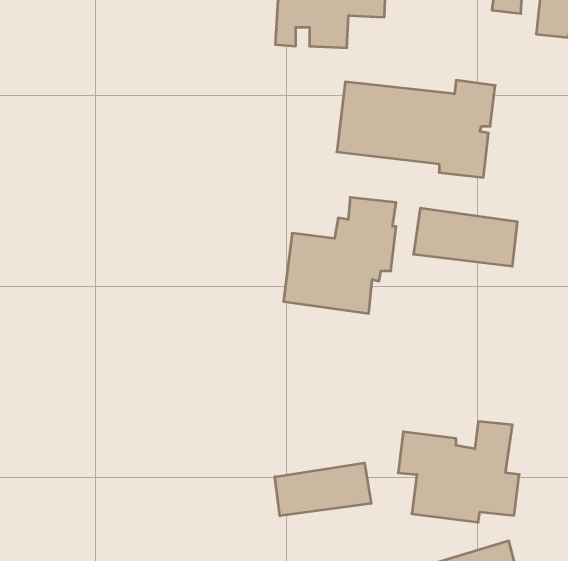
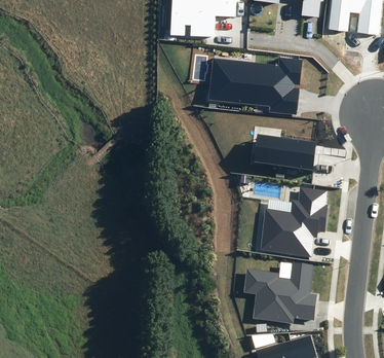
building: [284,197,396,313] -> [259,187,327,257]
building: [275,463,371,516] -> none

